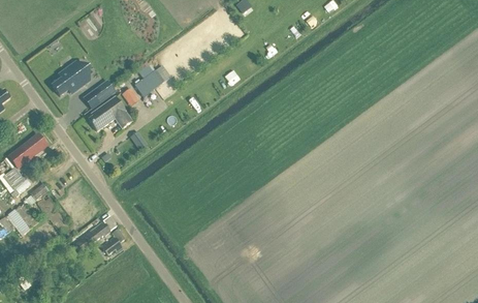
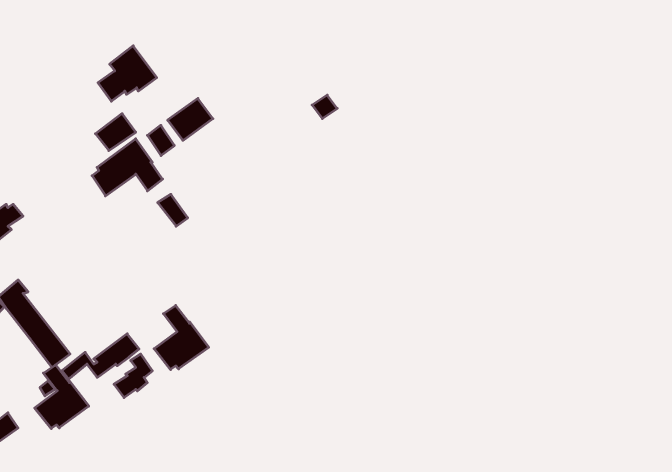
building: [52,62,88,96] -> [98,46,157,101]
building: none -> [154,305,209,370]
building: none -> [35,365,89,429]

